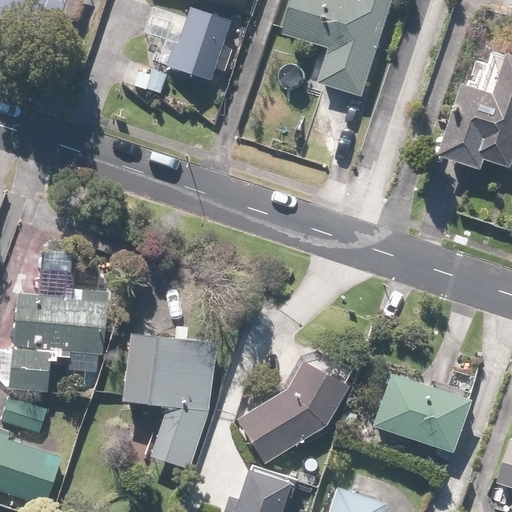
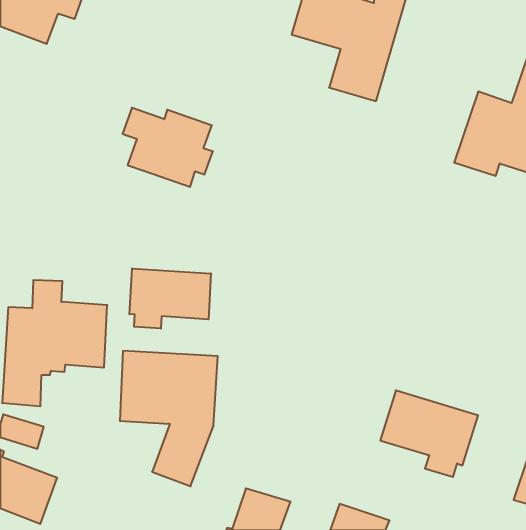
building: [146,7,233,83] -> [122,108,213,187]
building: none -> [130,268,211,329]
building: [235,362,342,463] -> none

